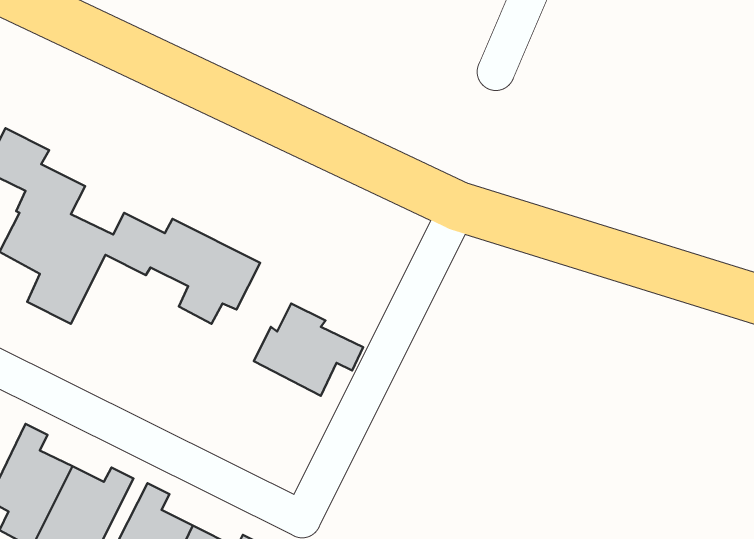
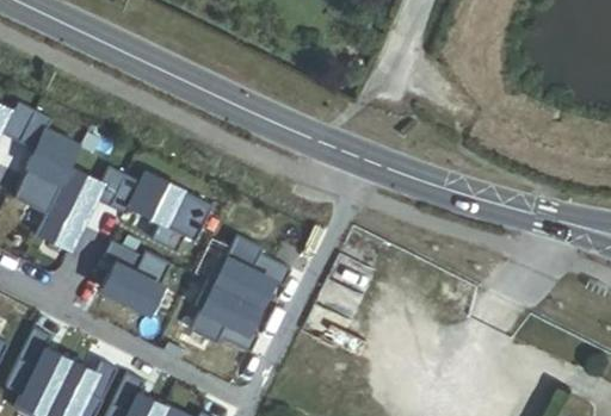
building: none -> [103,241,172,315]
building: none -> [192,280,261,353]

